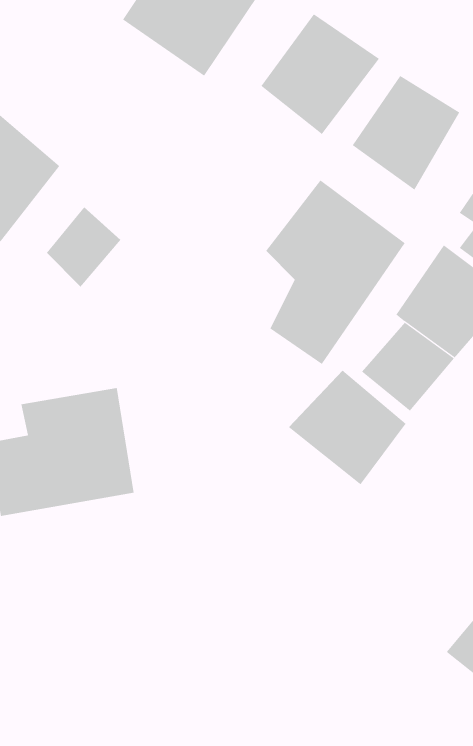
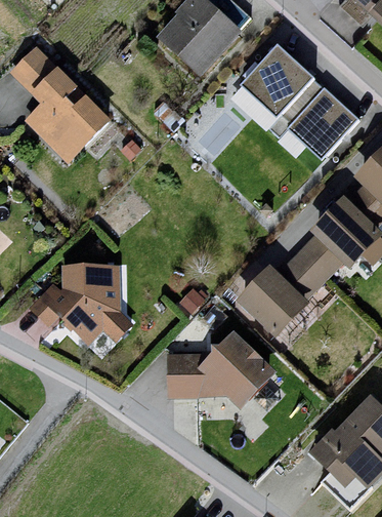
building: [266,180,406,365] -> none
building: [46,207,121,287] -> none
building: none -> [166,330,278,411]

